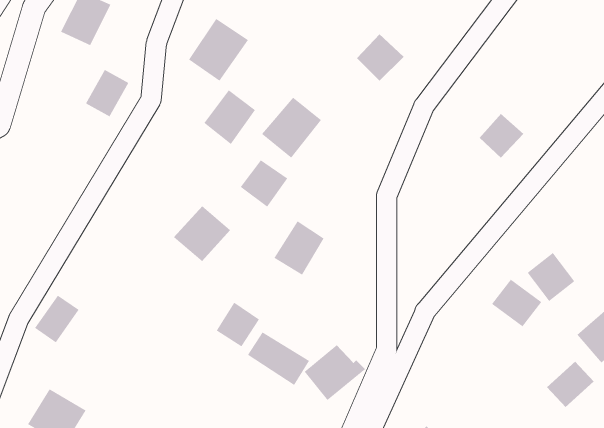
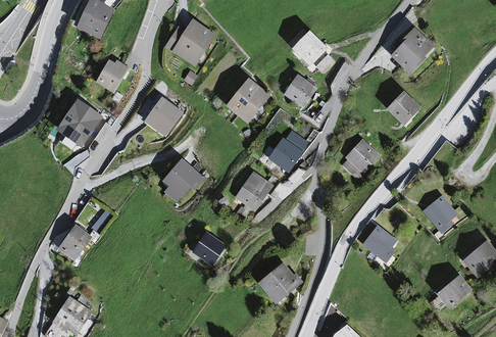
building: none -> [389,29,434,73]
building: [204,90,256,145] -> [144,97,183,138]
building: none -> [284,74,316,107]
building: none -> [56,100,101,148]
building: [240,159,288,208] -> [266,137,302,173]
building: none -> [345,139,380,173]
building: [491,279,542,327] -> [362,226,400,261]
building: [247,331,310,386] -> none

